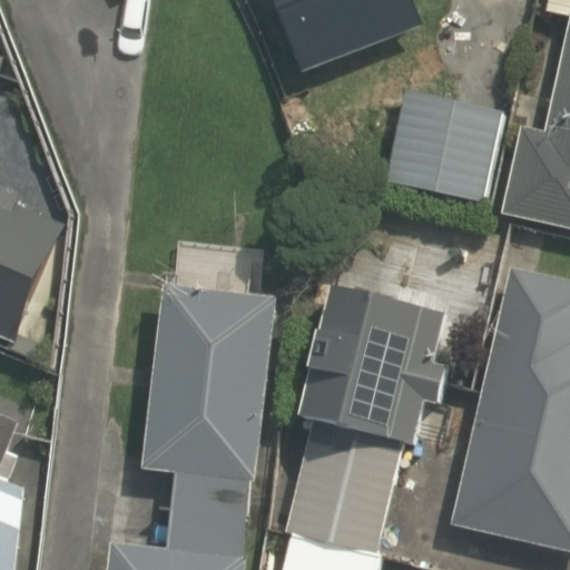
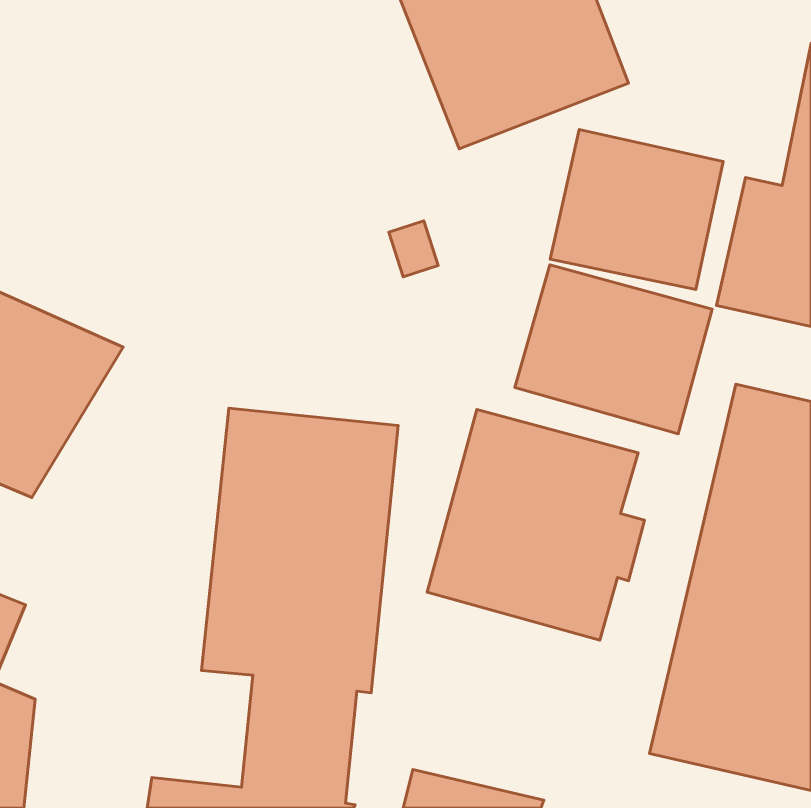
building: none -> [515,265,712,434]
building: [284,419,403,551] -> none

